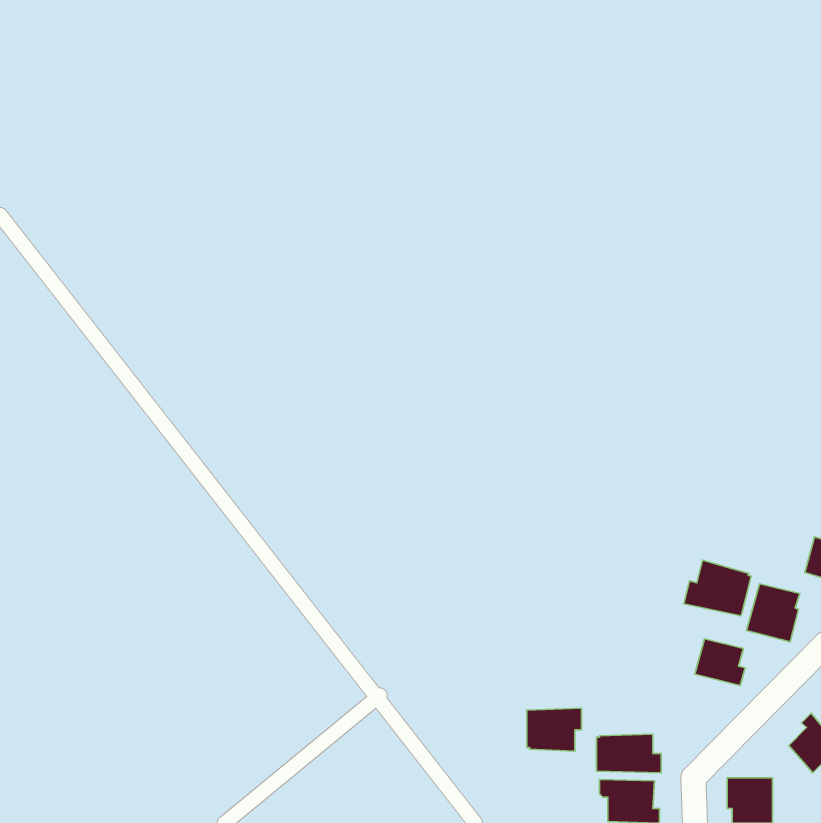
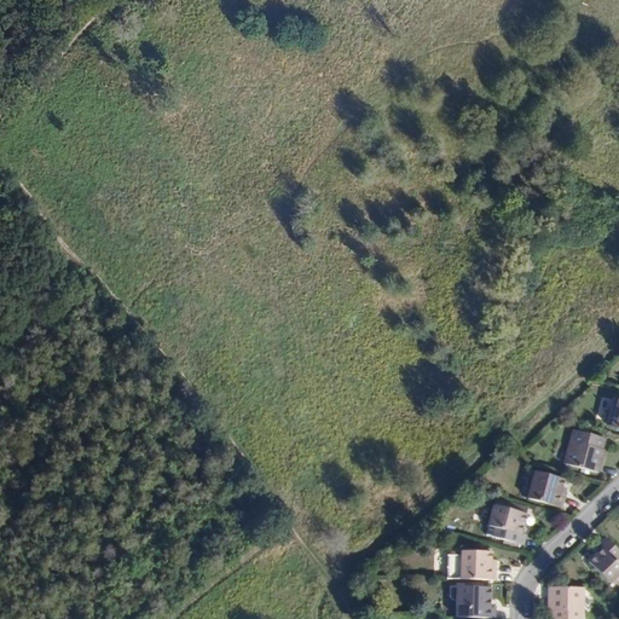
building: [684,560,751,616] -> none
building: none -> [486,504,522,549]
building: [527,708,582,751] -> none

